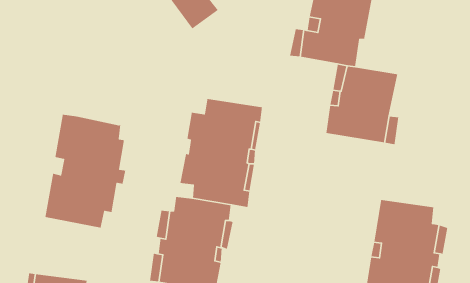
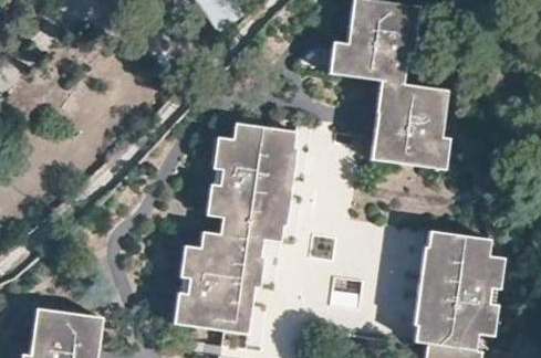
building: [44,114,126,228] -> none

